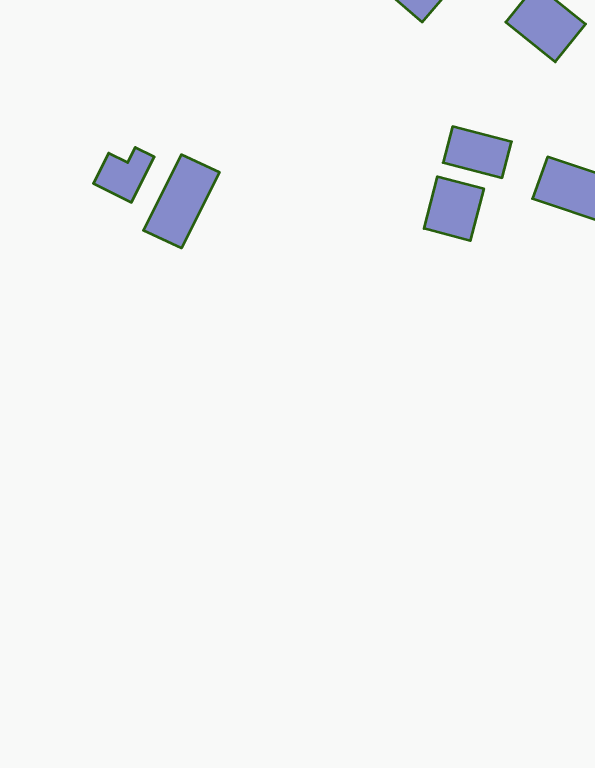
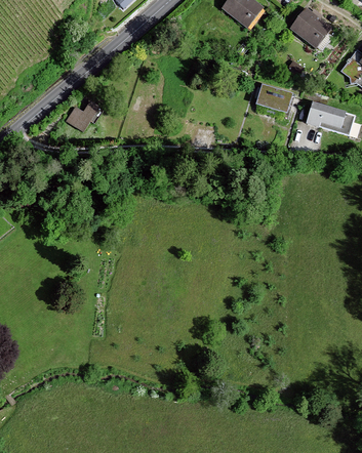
building: [143,155,219,248] -> none
building: [424,177,484,241] -> none

